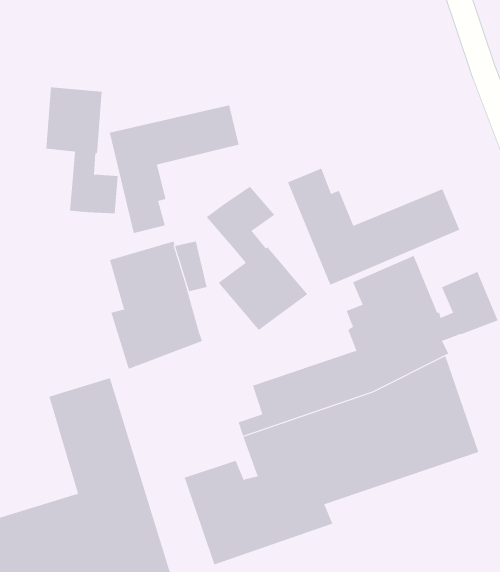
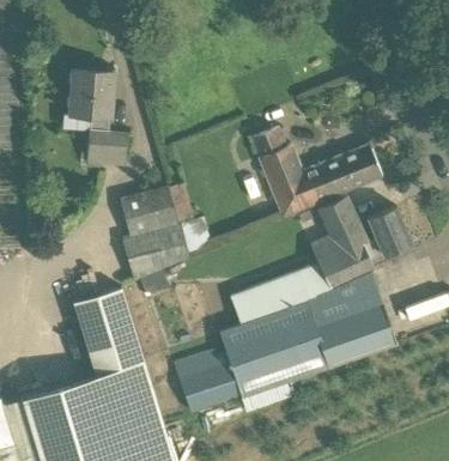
building: [109,104,239,234] -> none
building: [206,186,308,331] -> none

